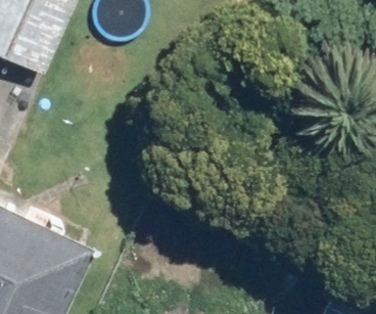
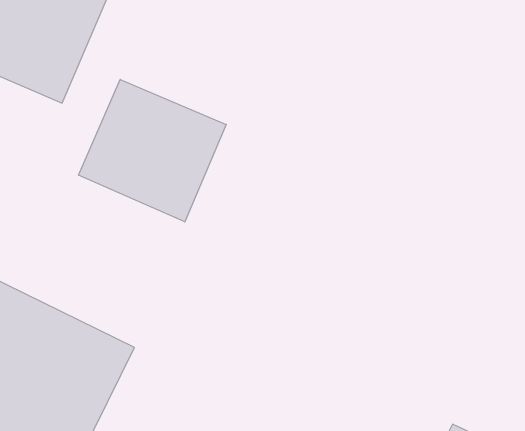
building: none -> [79,79,226,222]

